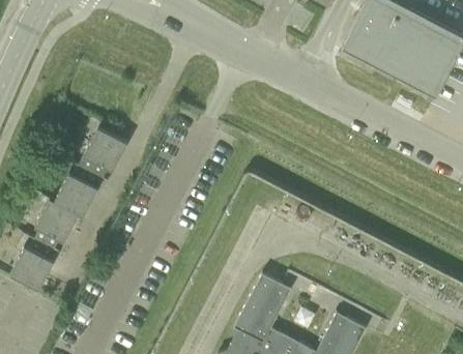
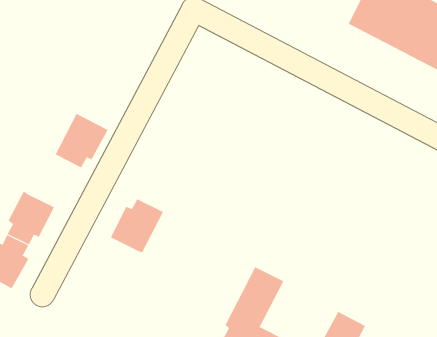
building: [53,167,103,217] -> [110,198,164,253]

